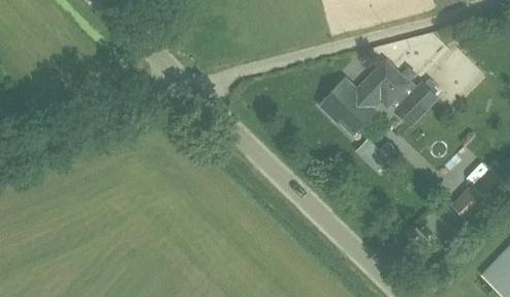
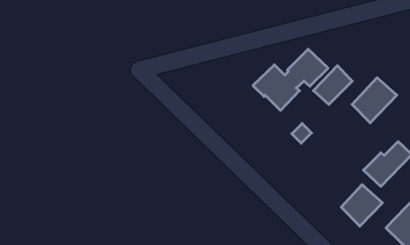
building: none -> [352,78,397,123]
building: none -> [341,185,382,226]

